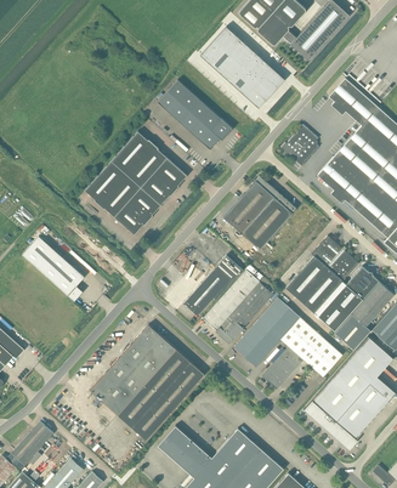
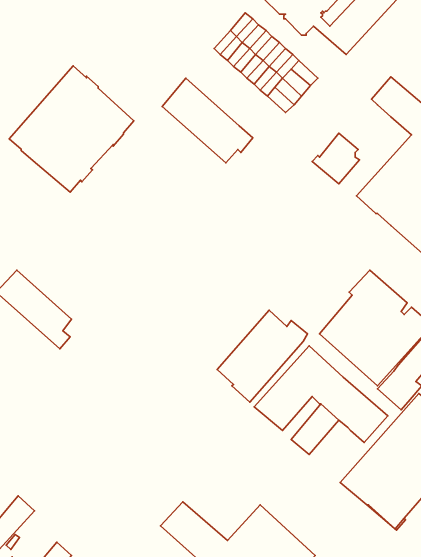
building: [85,131,187,234] -> [9,66,134,192]
building: [223,176,296,250] -> none
building: [183,255,243,316] -> none
building: [90,325,204,441] -> none

